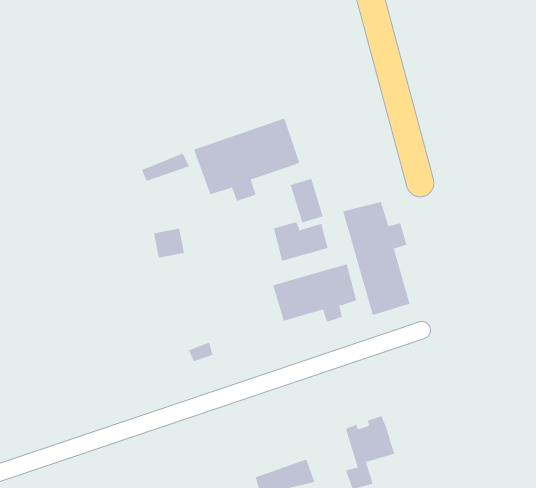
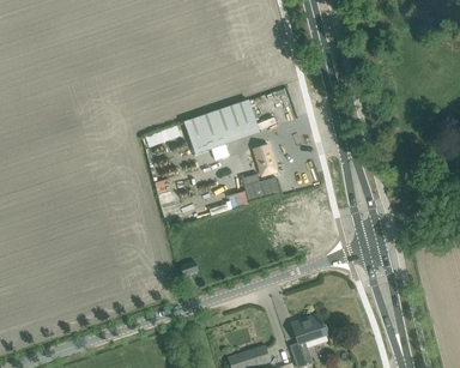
building: [343,201,410,316] -> none
building: [273,263,357,322] -> none

